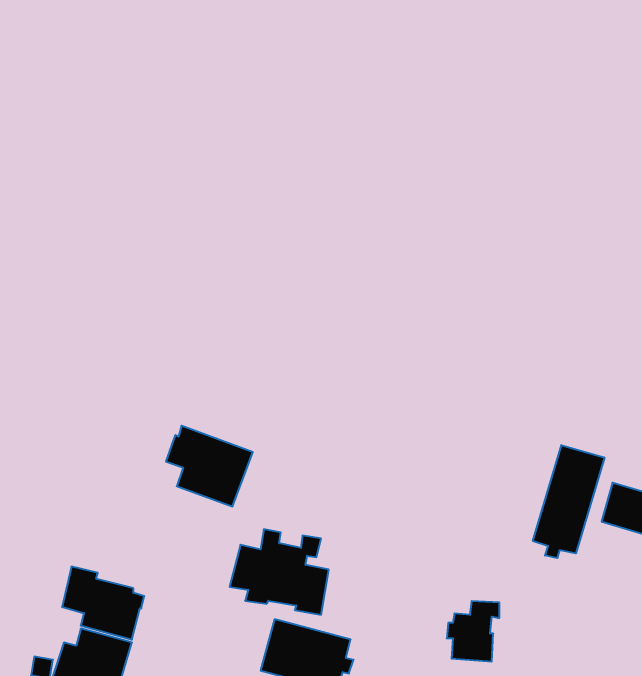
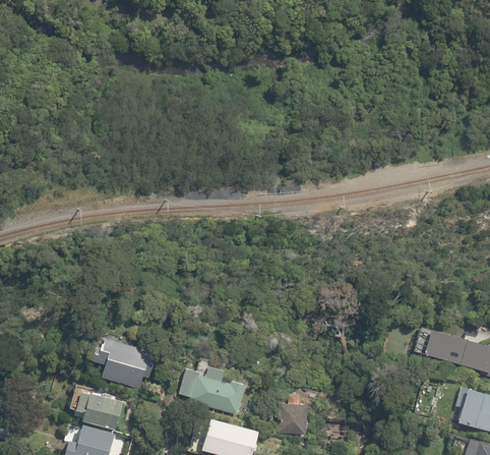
building: [166,426,253,506] -> [94,337,150,390]
building: [533,445,604,558] -> none
building: [447,601,499,662] -> [278,395,312,435]

